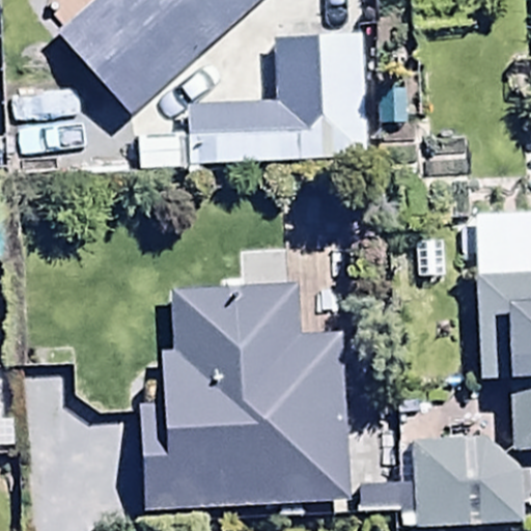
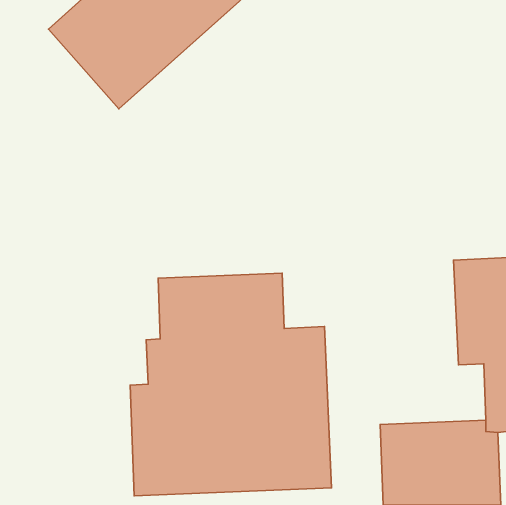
building: [142,32,372,169] -> none

